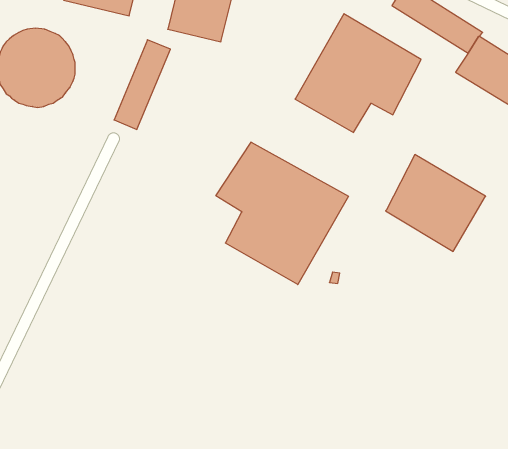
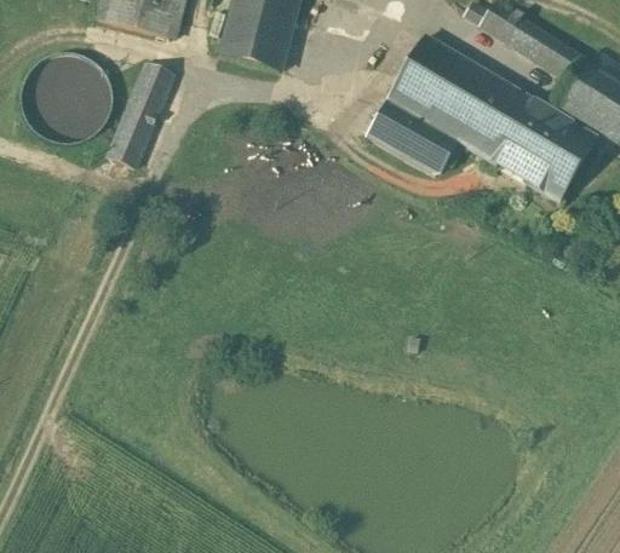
building: [114,40,170,129] -> [109,61,174,165]
building: [216,142,348,285] -> none
building: [386,155,486,251] -> [481,87,597,200]

